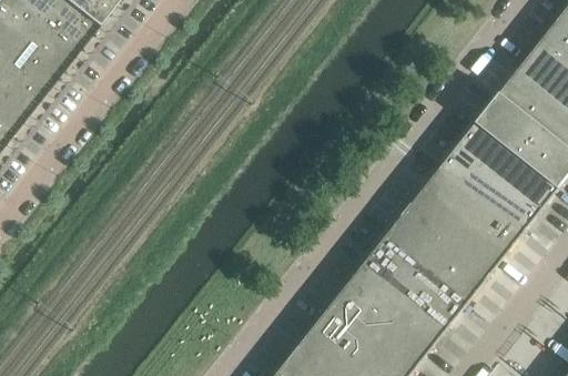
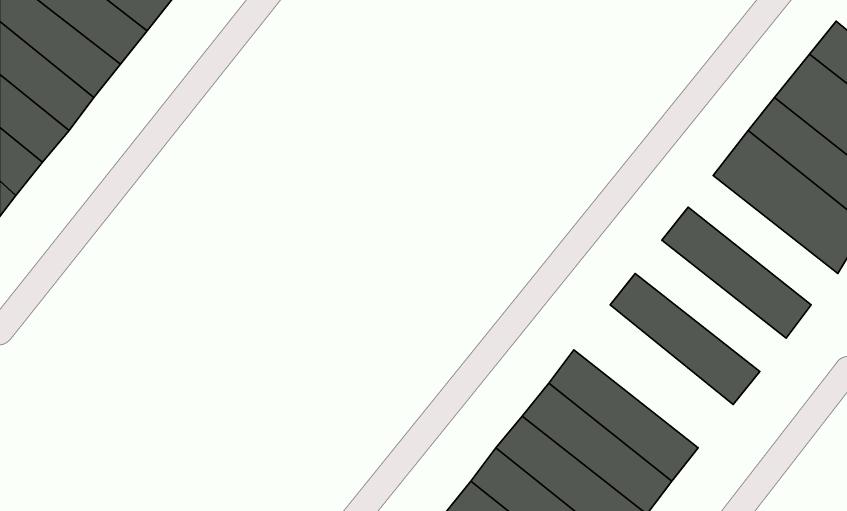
building: [460,120,560,206] -> none
building: [425,163,526,251] -> none
building: [384,206,490,302] -> none

